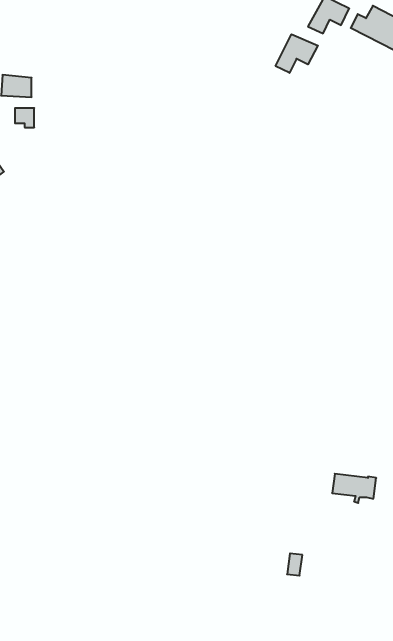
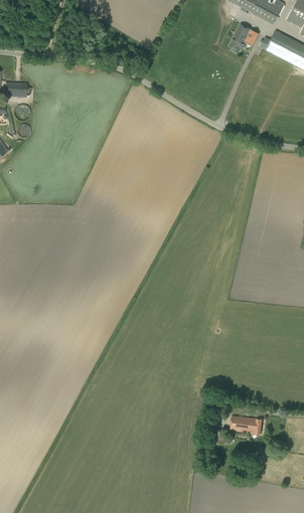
building: [276,34,318,73] -> none
building: [332,474,376,503] -> [231,415,263,437]

